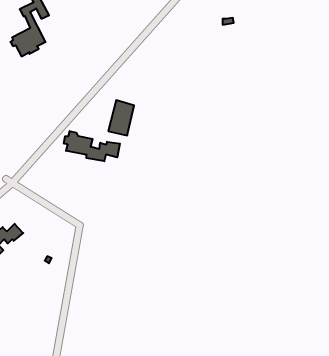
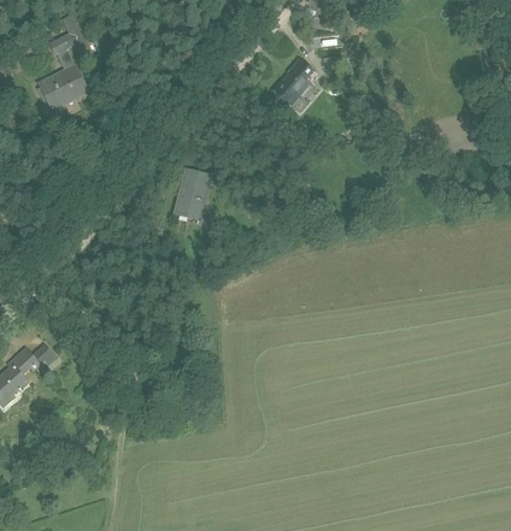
building: none -> [275,60,315,100]
building: [64,131,120,161] -> none

